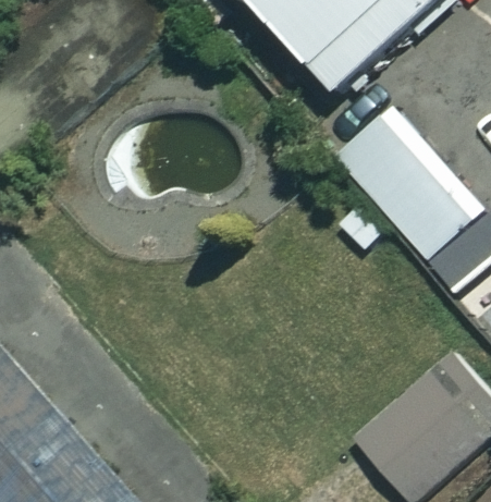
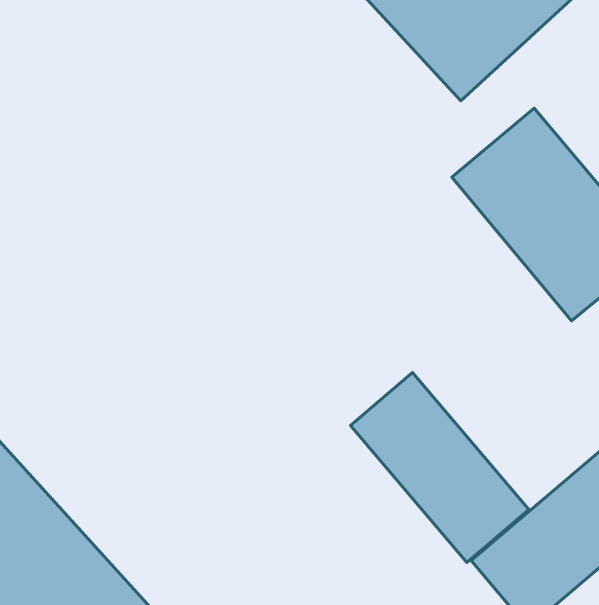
building: none -> [350,373,529,563]

